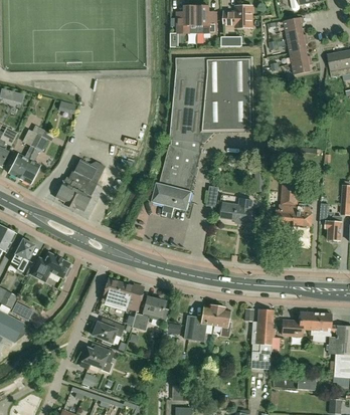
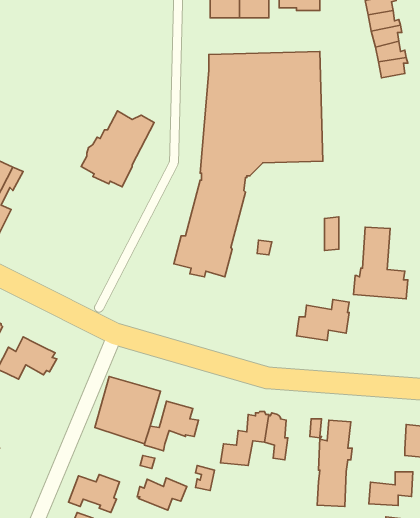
building: [55,159,106,211] -> [81,111,154,187]
building: [216,199,252,227] -> [296,299,349,340]
building: [282,313,312,336] -> [369,472,413,505]
building: [91,321,125,343] -> [137,478,187,510]

